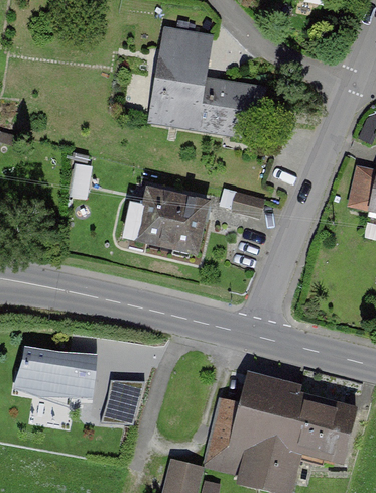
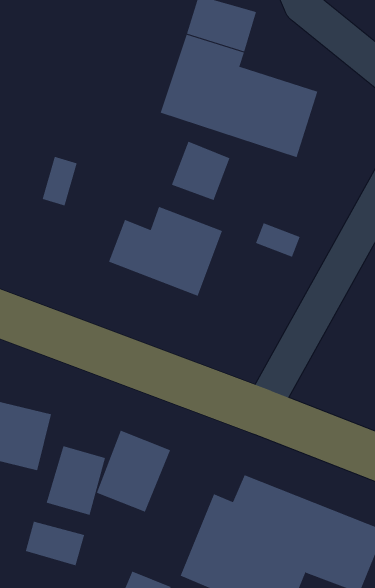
building: none -> [171,141,230,201]
building: none -> [96,430,171,512]
building: none -> [25,521,85,566]

